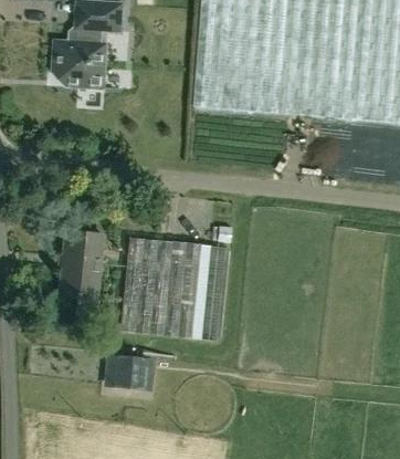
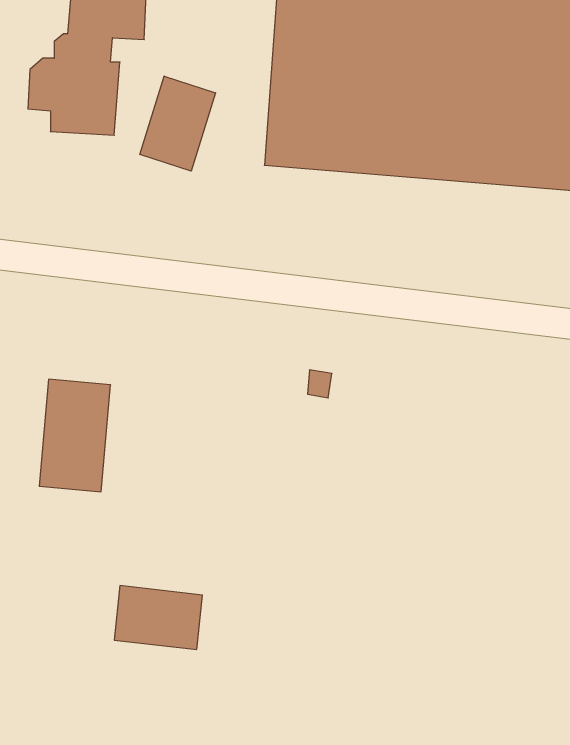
building: none -> [140,76,216,171]
building: [120,237,229,341] -> none

